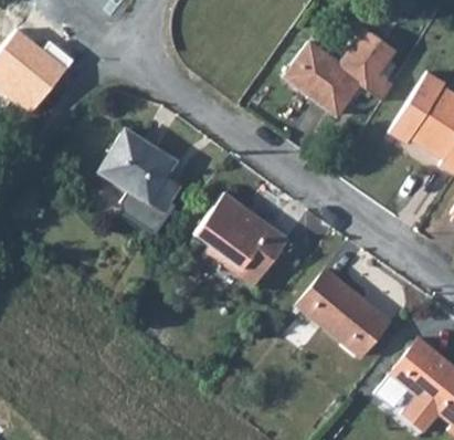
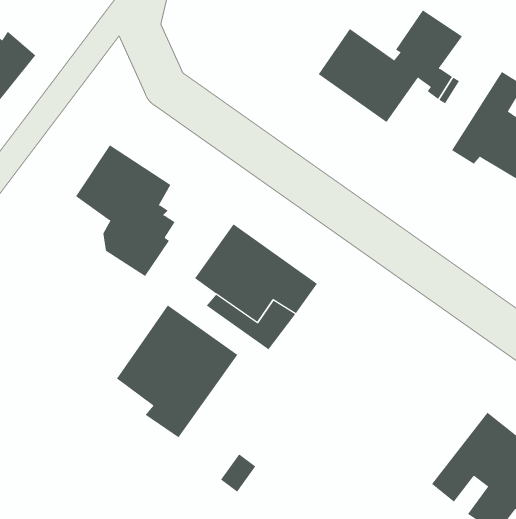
building: none -> [116,305,238,438]
building: [294,270,387,355] -> none

